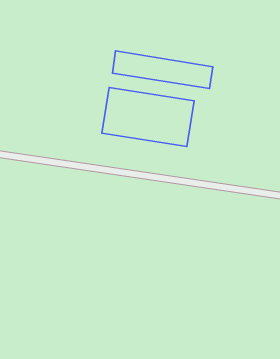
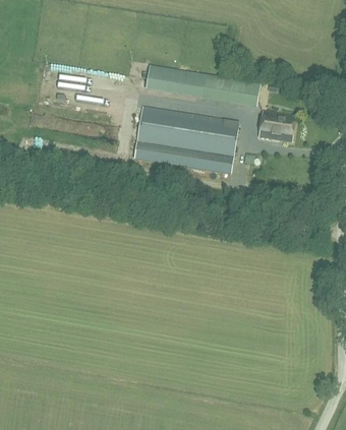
building: none -> [258,112,296,141]

